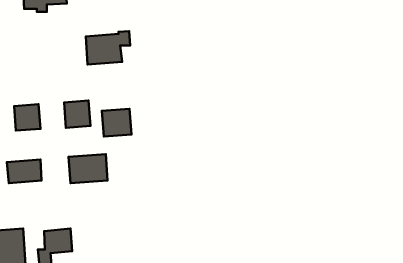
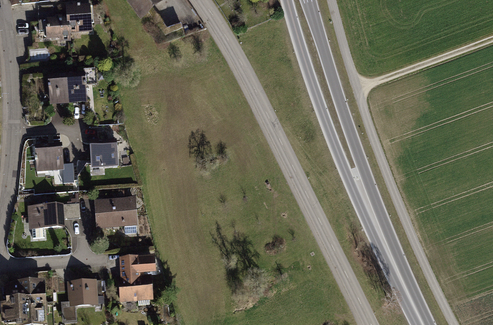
building: [86,31,130,65] -> [47,67,96,104]
building: [102,109,131,137] -> none
building: none -> [117,253,156,301]

